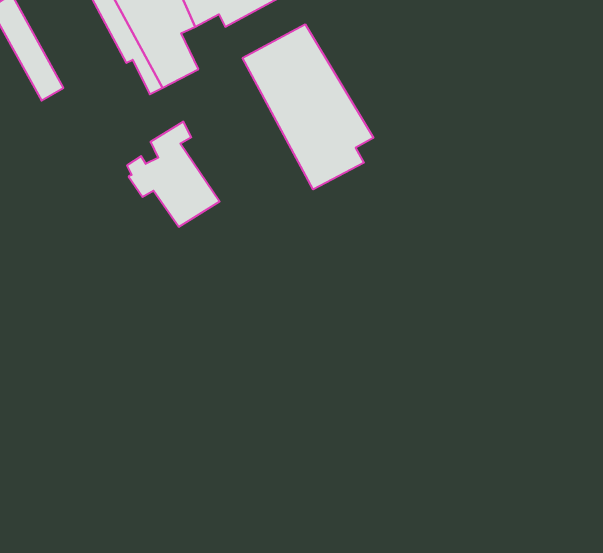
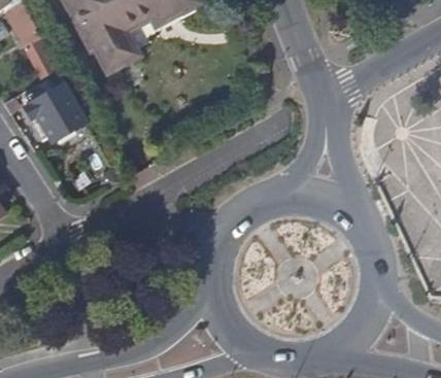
building: [243,24,373,189] -> none
building: [127,122,220,227] -> [21,69,81,138]

